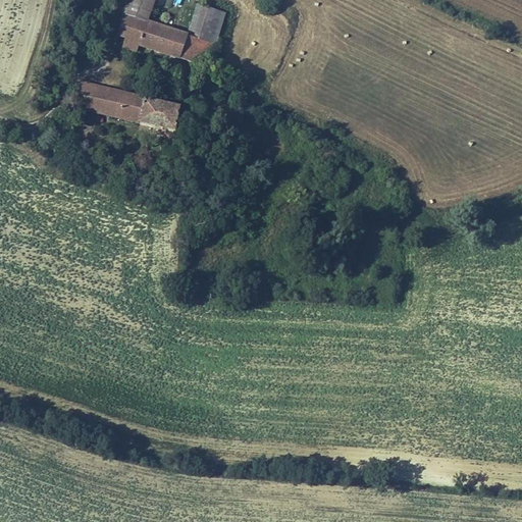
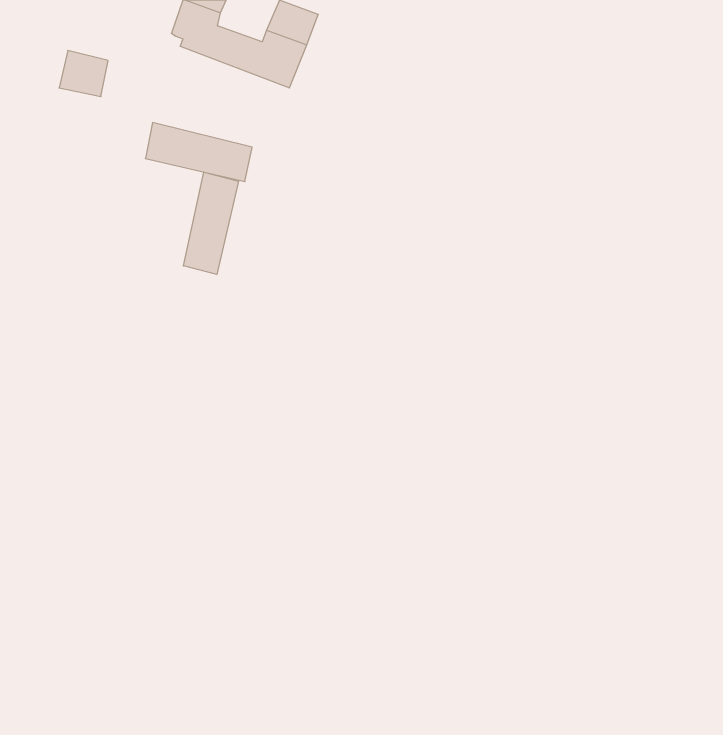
building: [73,81,108,113] -> [59,50,108,97]
building: none -> [183,172,239,274]

